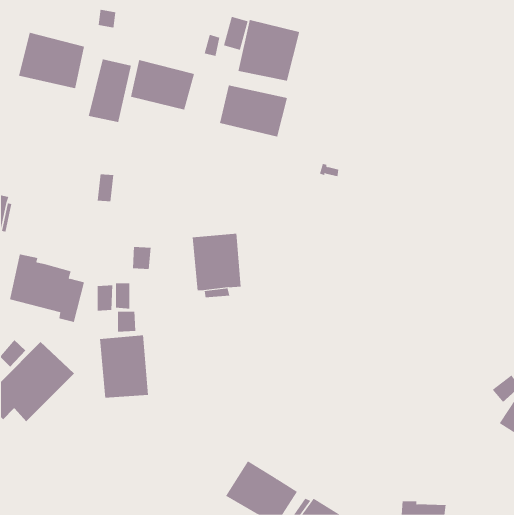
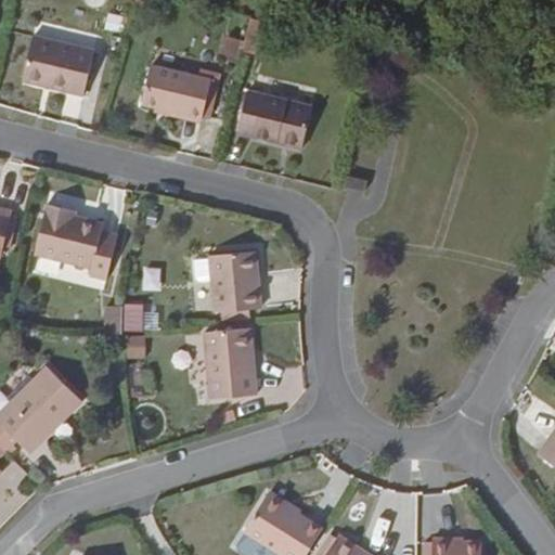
building: [238,19,300,82] -> none
building: [88,58,132,123] -> none
building: [9,254,85,323] -> [36,205,117,279]
building: [99,335,149,398] -> [204,328,257,397]

